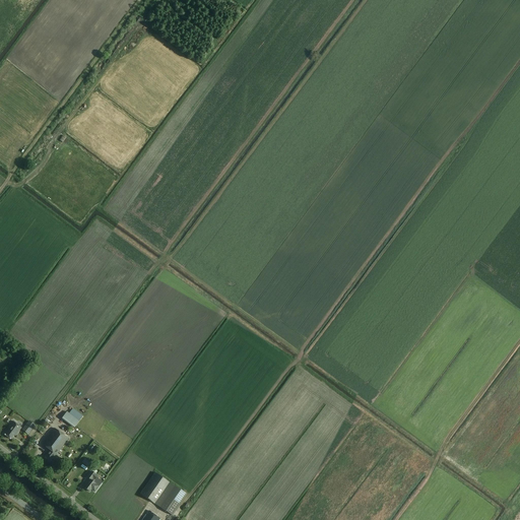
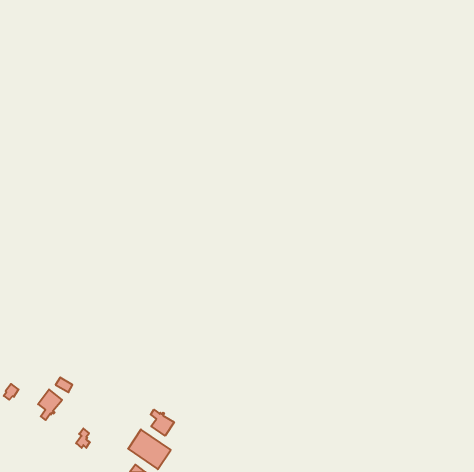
building: none -> [151,410,174,436]

